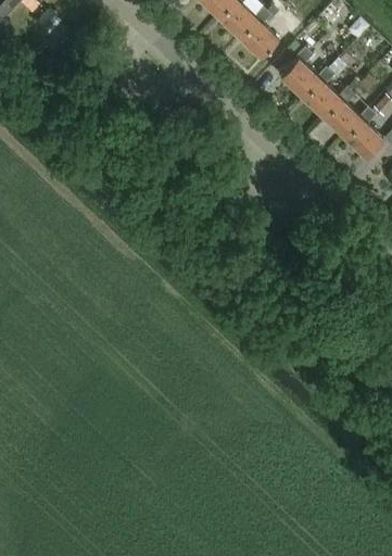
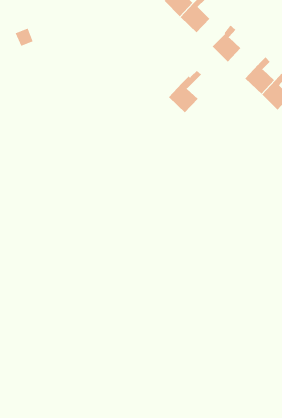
building: [301,62,344,117] -> [168,70,202,113]

